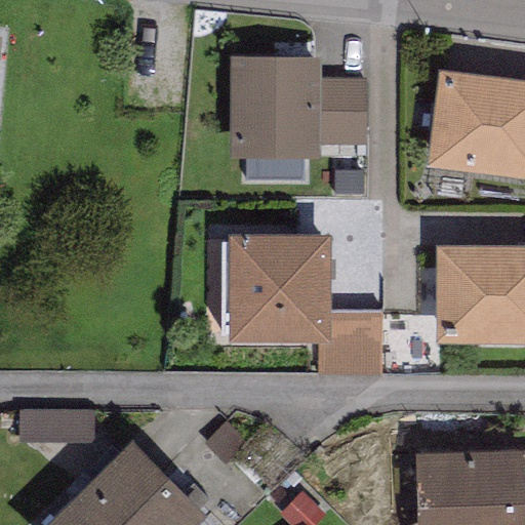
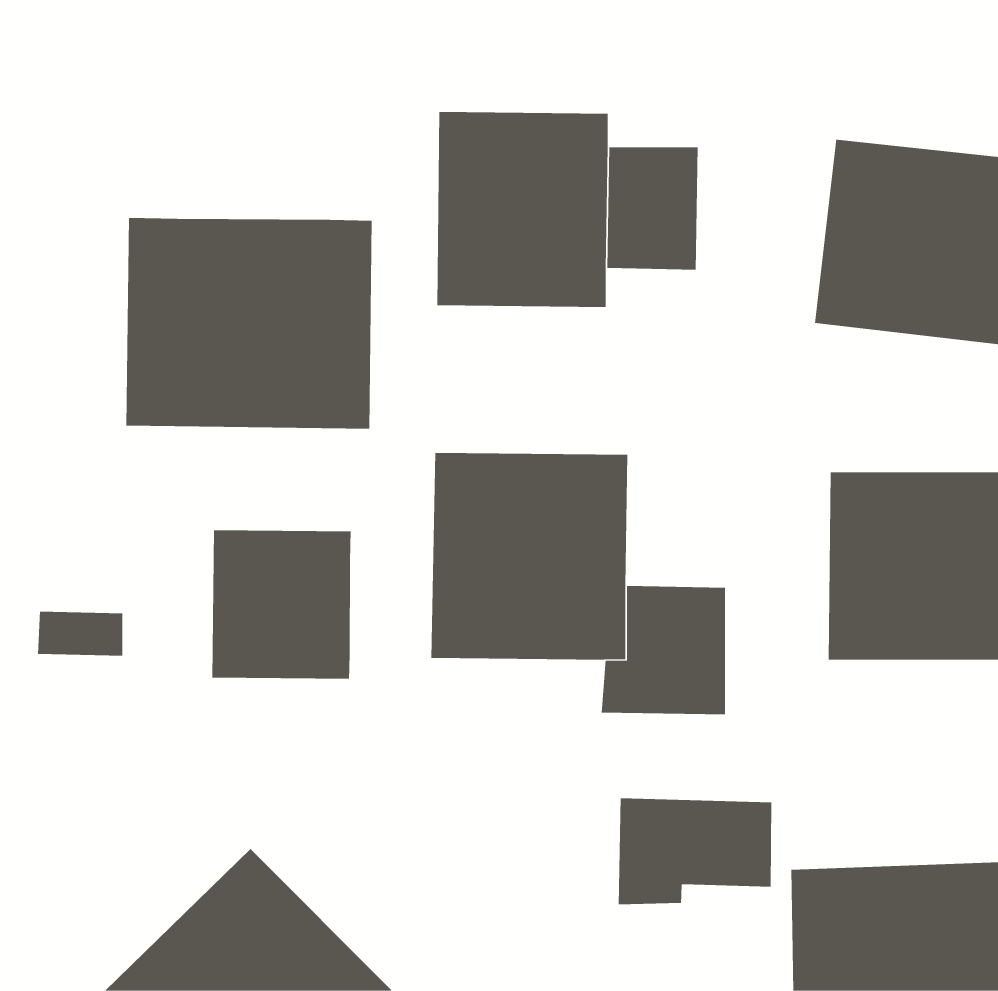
building: none -> [126,217,372,429]
building: none -> [212,530,351,680]
building: none -> [618,798,772,905]

